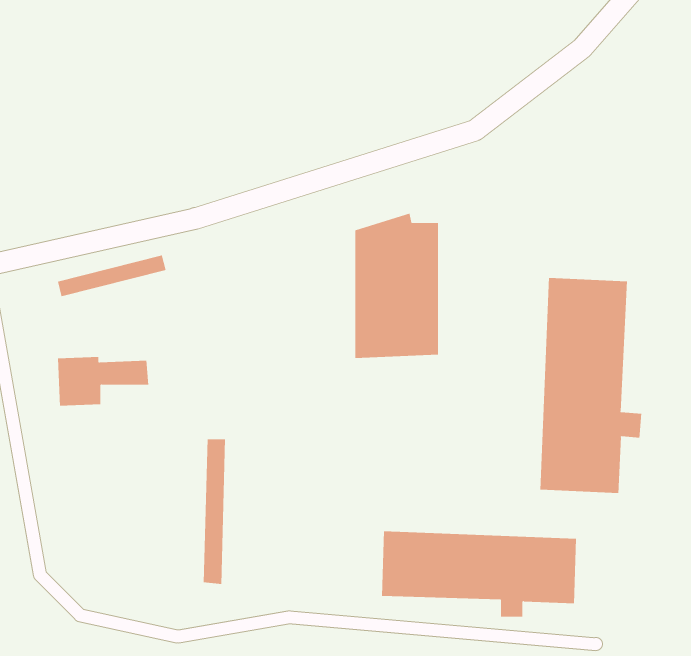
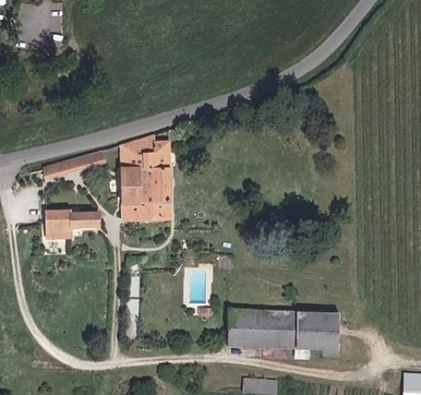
building: [355,213,439,359] -> [122,135,170,218]
building: [540,277,642,494] -> none

